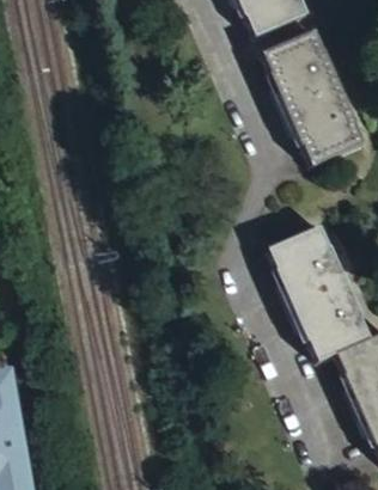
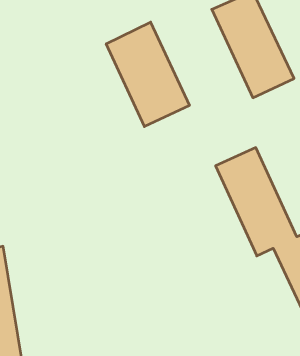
building: none -> [106,22,189,127]

